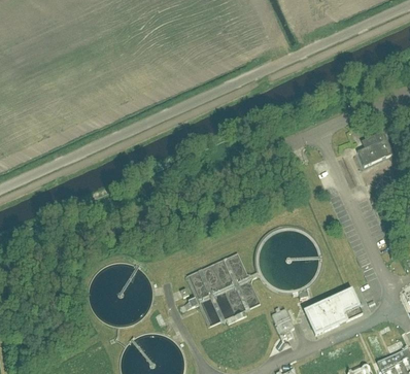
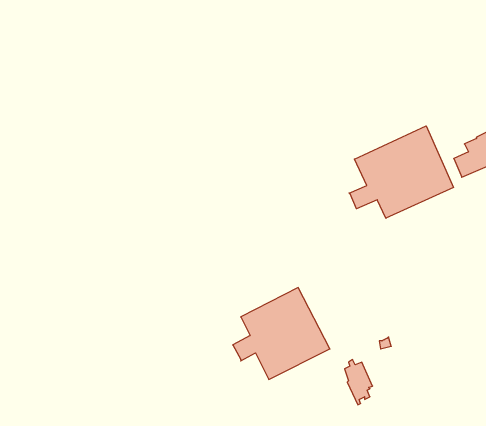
building: none -> [349,126,453,218]
building: [305,290,360,334] -> none

